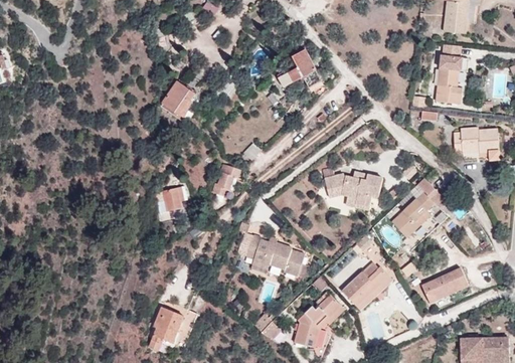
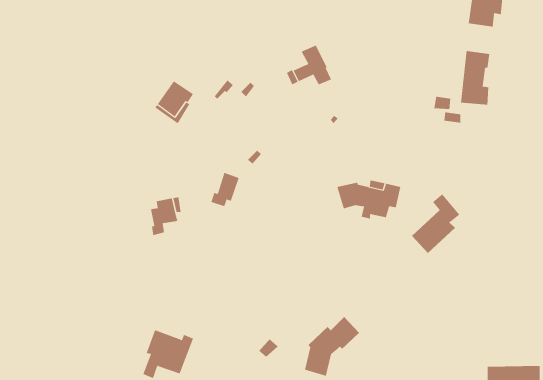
building: [453,127,500,161] -> none
building: [245,233,305,276] -> none
building: [342,261,393,310] -> none
building: [422,262,471,300] -> none

